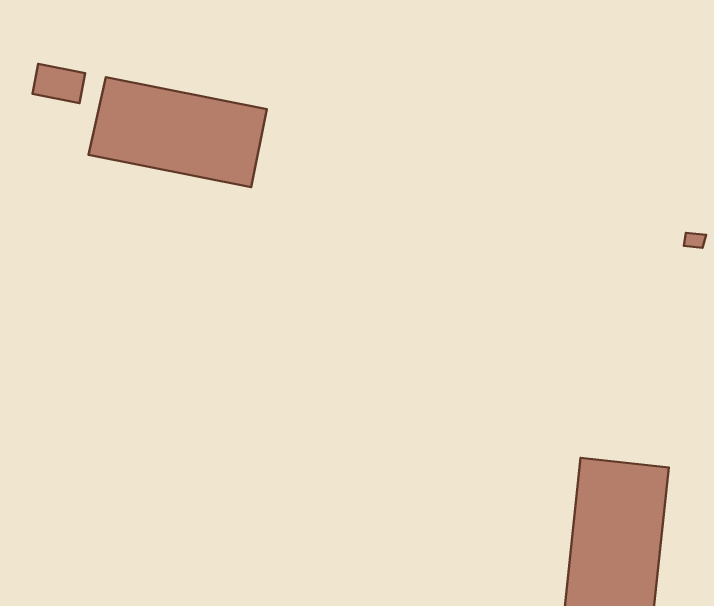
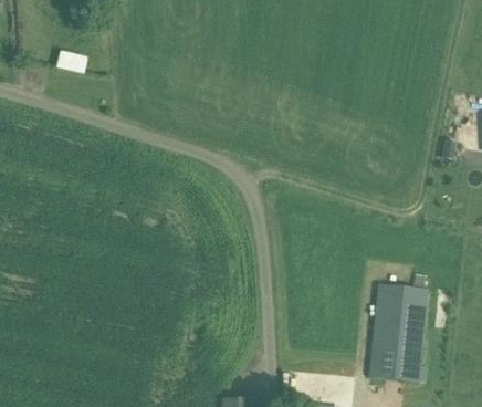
building: [89,77,267,187] -> none

